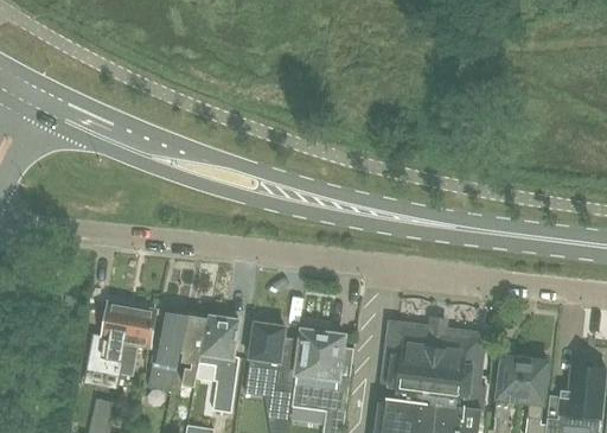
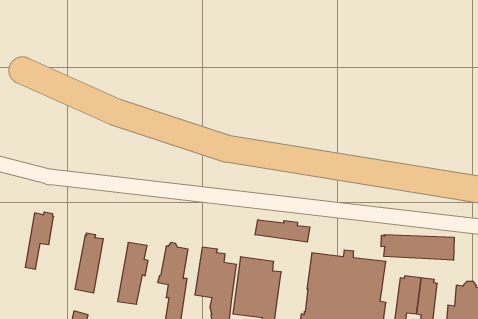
building: none -> [255,220,310,242]
building: none -> [381,235,454,260]
building: [120,306,155,377] -> [25,212,54,269]
building: [181,313,207,387] -> none

